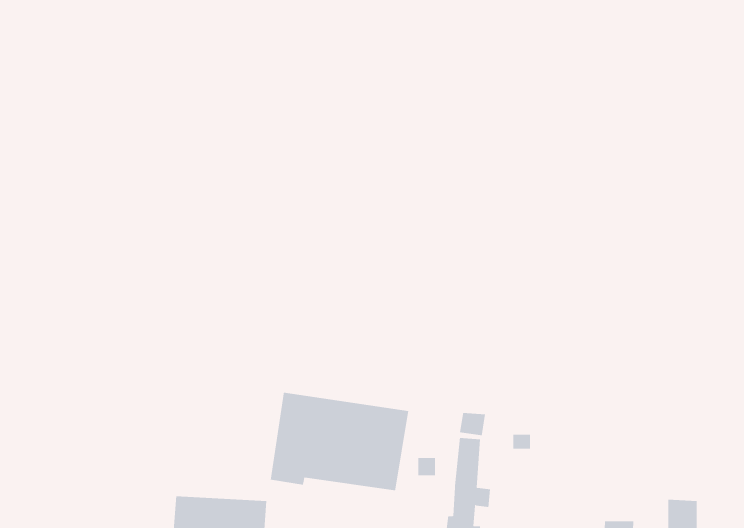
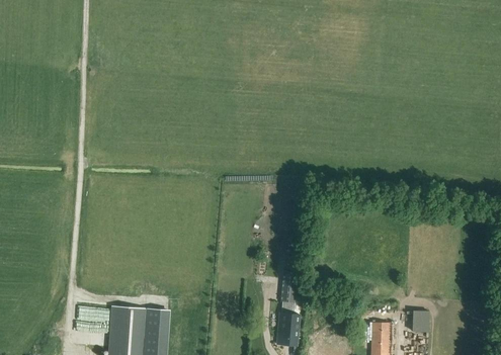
building: [270,392,409,491] -> none

